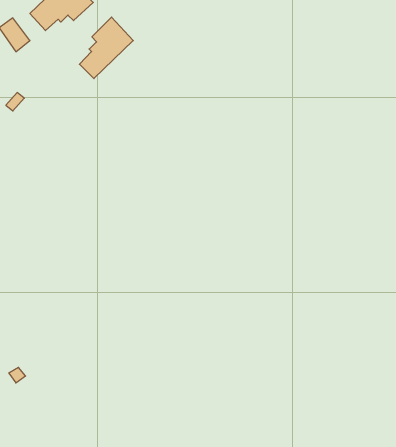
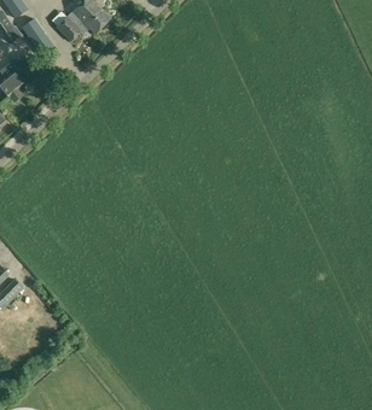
building: [79,17,133,79] -> none

